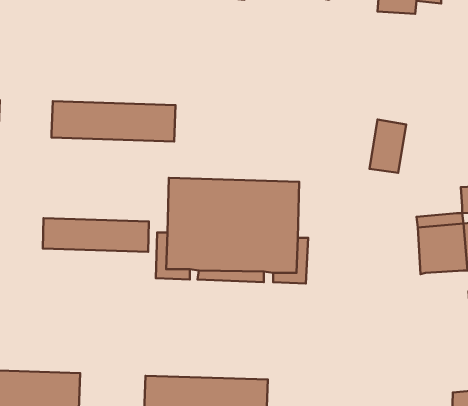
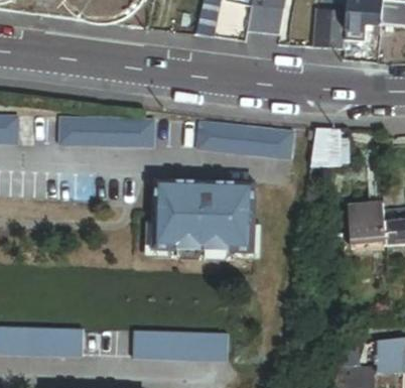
building: none -> [198,120,291,151]
building: [43,218,149,252] -> none

